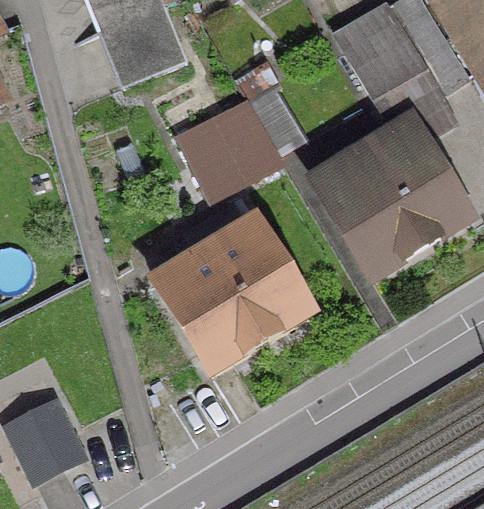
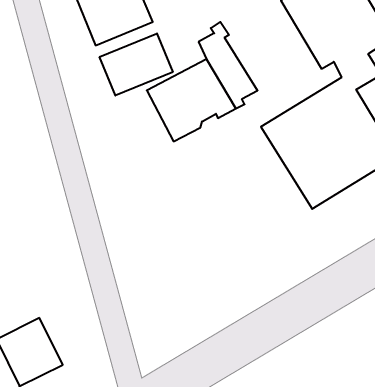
building: none -> [100,33,173,96]
building: [152,199,310,373] -> none

